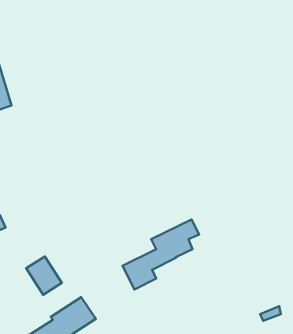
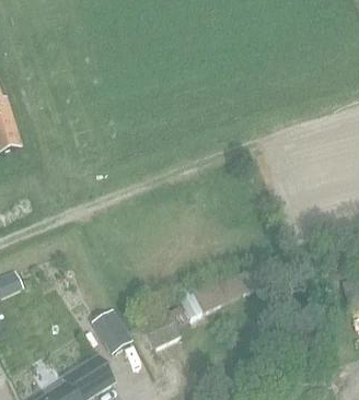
building: [26,256,62,295] -> [92,311,131,354]

